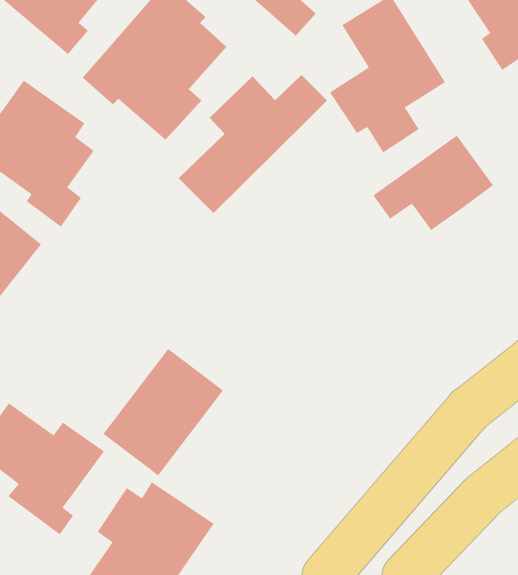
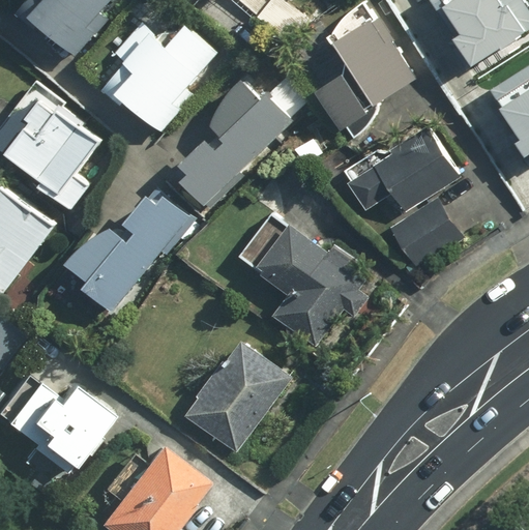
building: none -> [66,190,192,307]
building: none -> [391,196,464,267]
building: none -> [254,224,369,343]
building: [103,348,224,476] -> [183,340,293,455]

